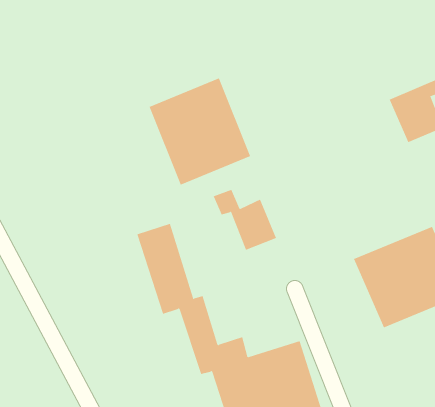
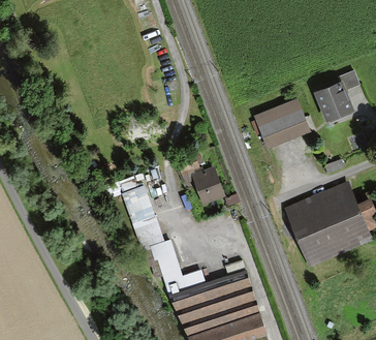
building: [149,77,251,186] -> none
building: none -> [254,99,309,146]

